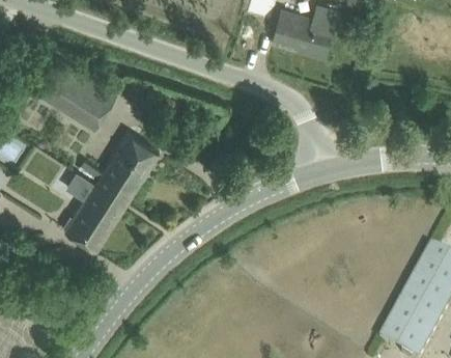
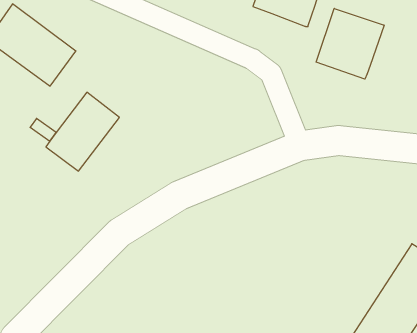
building: none -> [316,8,384,79]
building: [63,171,124,251] -> none

